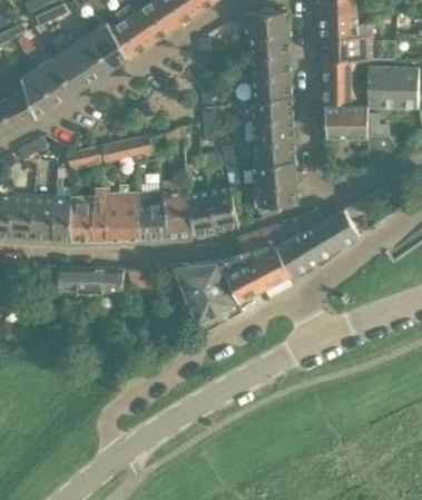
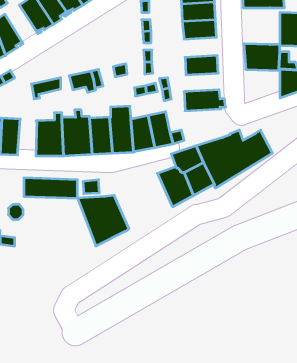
building: [35,58,75,105] -> none
building: [323,61,355,106] -> none
building: [252,97,292,121] -> none
building: [254,140,294,163] -> none
building: [253,184,297,218] -> none
building: [50,196,73,241] -> none
building: [175,262,237,323] -> [77,195,129,246]

